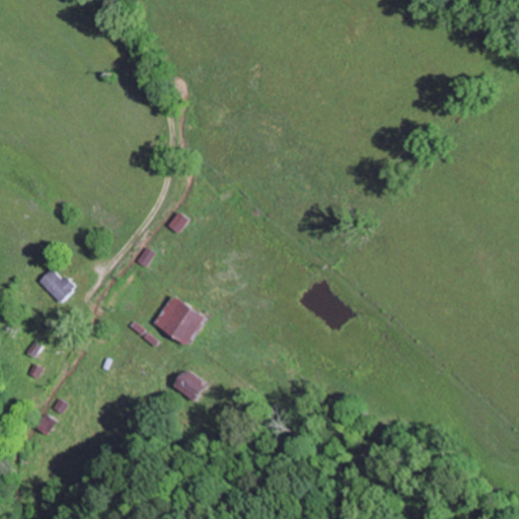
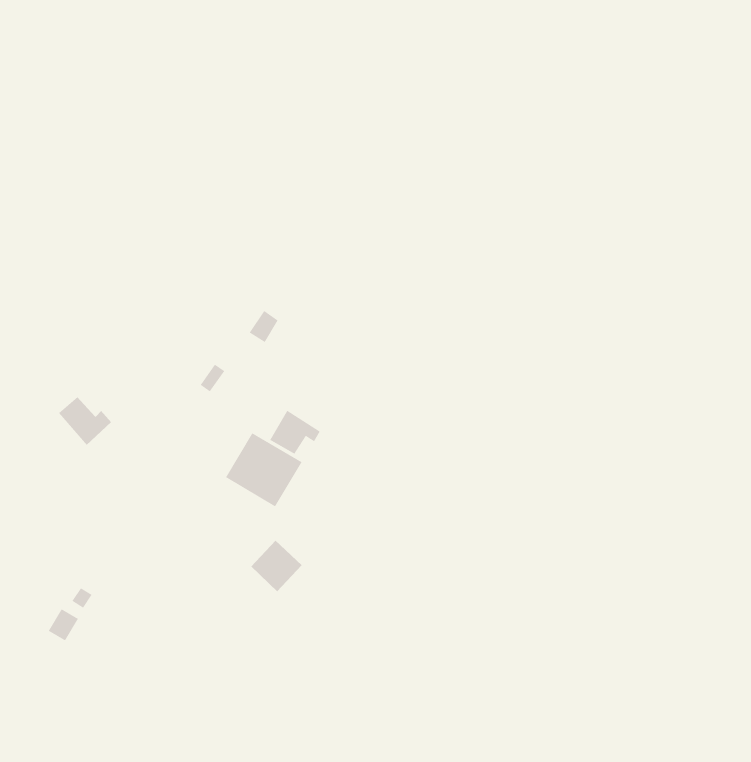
building: none -> [269,410,321,455]

